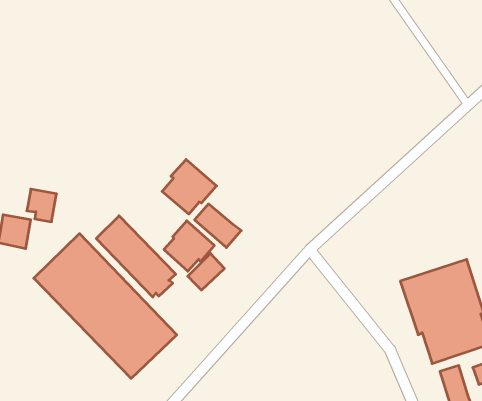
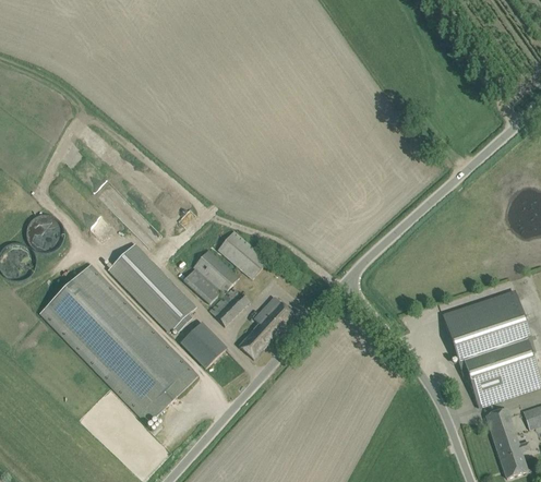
building: [162,159,217,214] -> none
building: none -> [239,297,294,359]
building: none -> [180,321,226,367]

